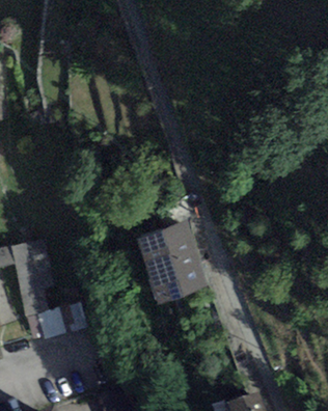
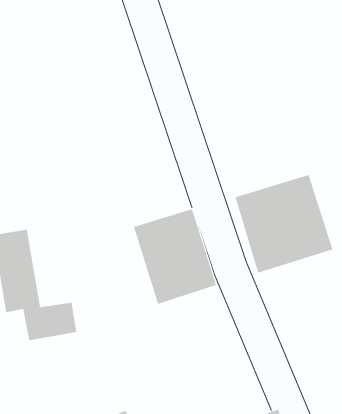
building: none -> [235,174,333,273]

